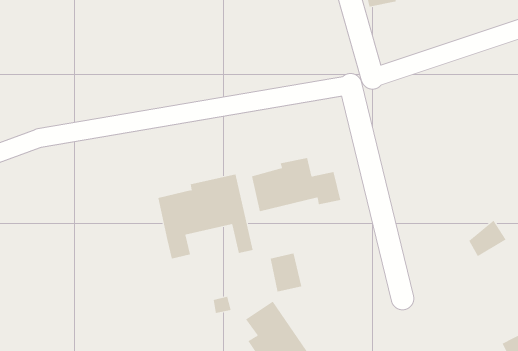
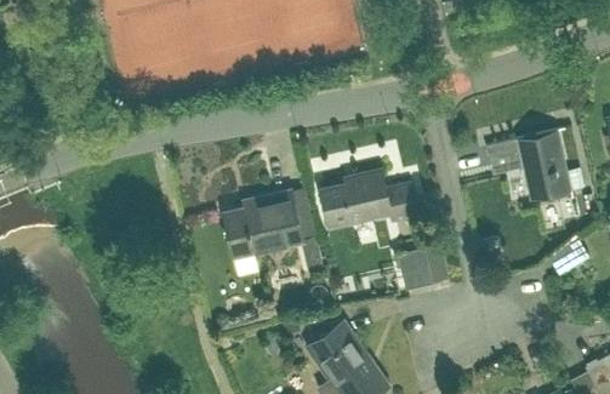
building: none -> [484,131,583,200]
building: [270,253,302,292] -> [397,249,431,290]

